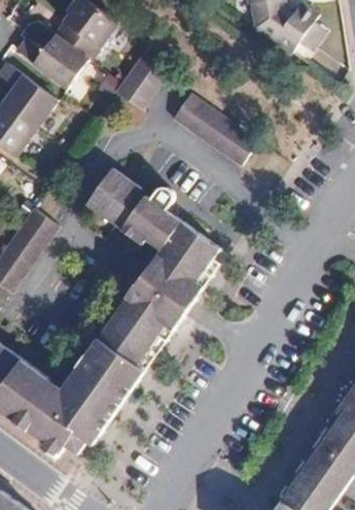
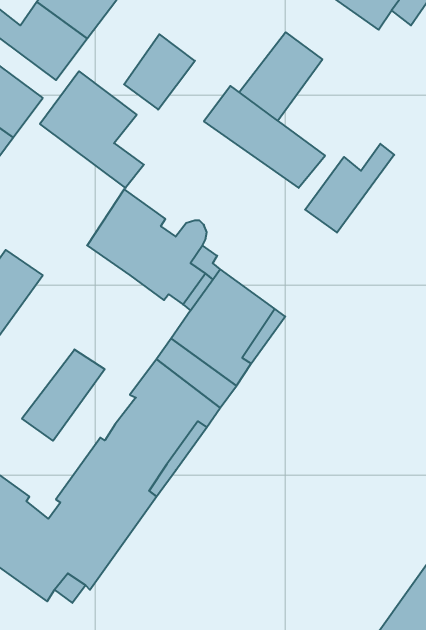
building: none -> [239,32,322,121]
building: none -> [40,71,144,188]
building: none -> [305,144,394,233]
building: none -> [22,349,105,441]

